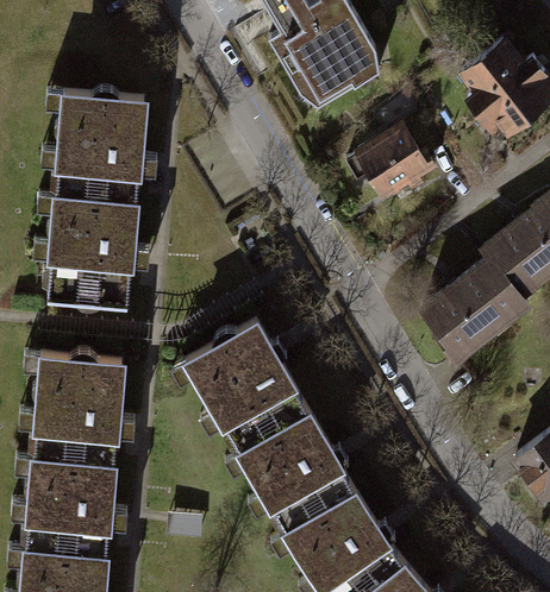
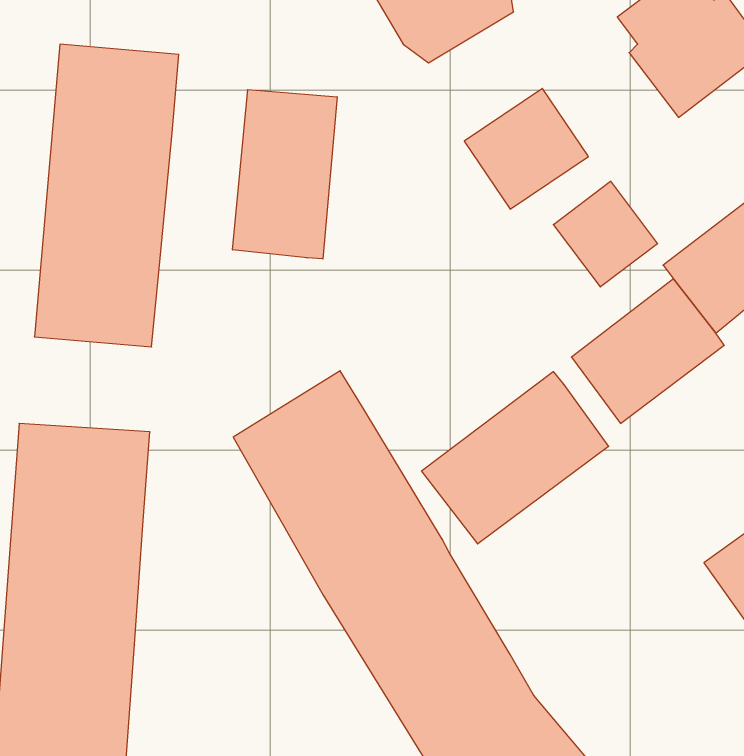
building: none -> [233,90,337,259]
building: none -> [553,181,658,287]
building: none -> [422,372,609,544]

